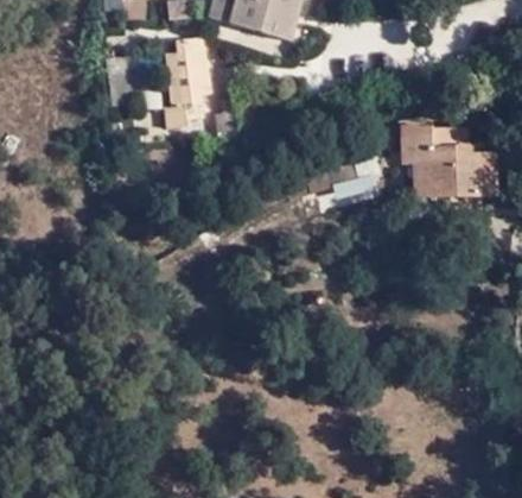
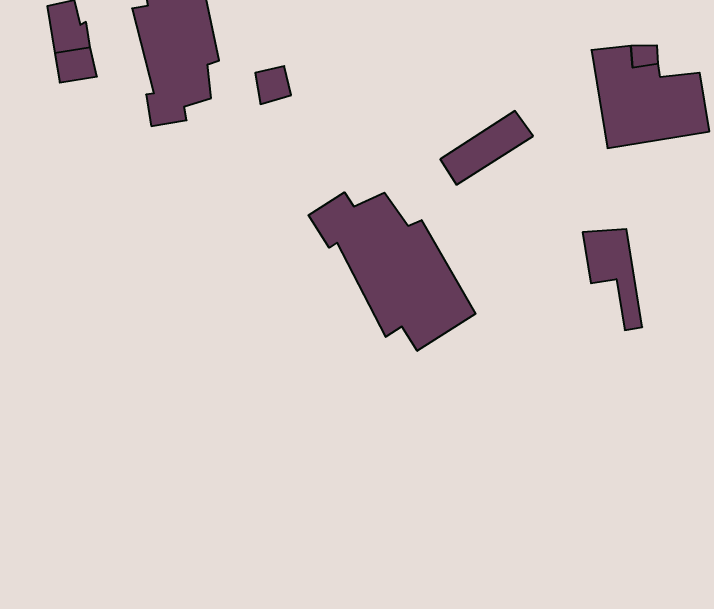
building: [406,125,432,187] -> [583,229,642,330]
building: none -> [308,192,476,351]

